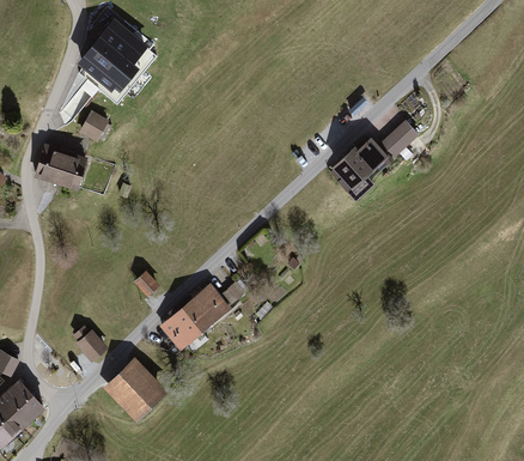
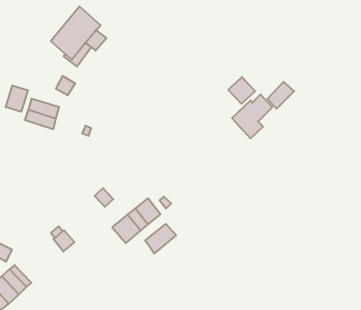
building: none -> [228,77,255,104]
building: none -> [6,85,28,112]
building: none -> [145,224,176,254]
building: [103,358,169,423] -> none

